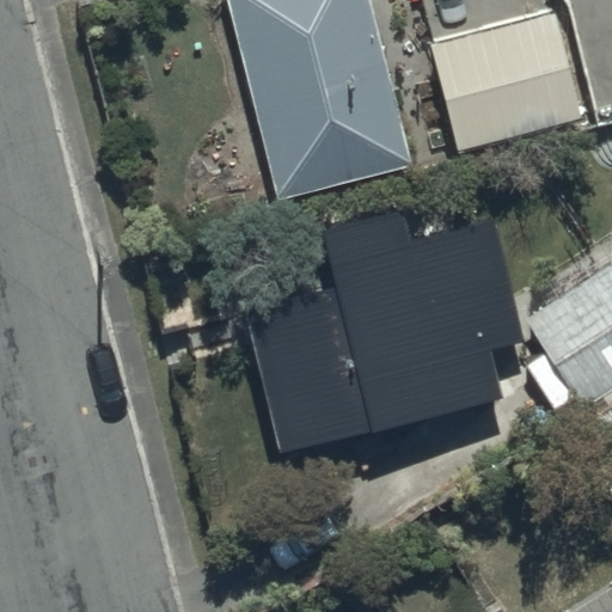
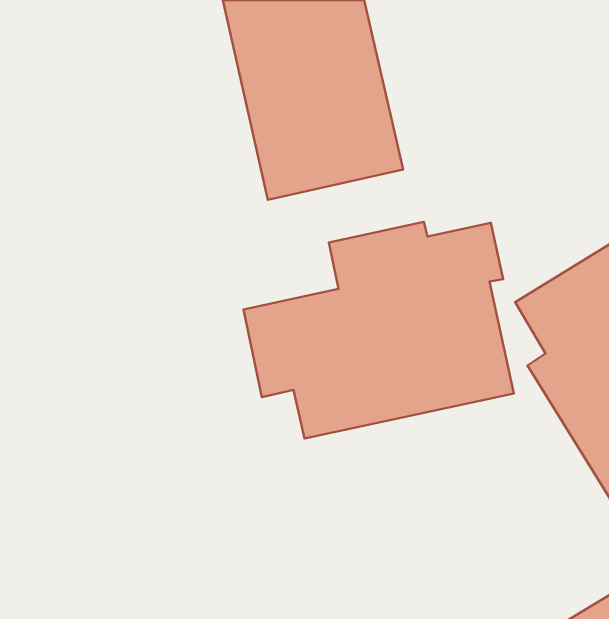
building: [430,10,587,152] -> none

